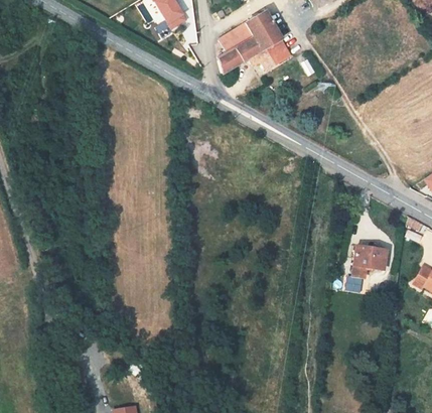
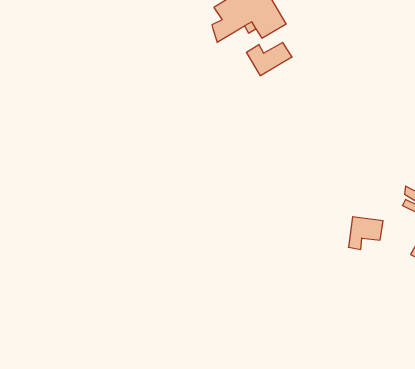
building: none -> [247,42,292,76]

